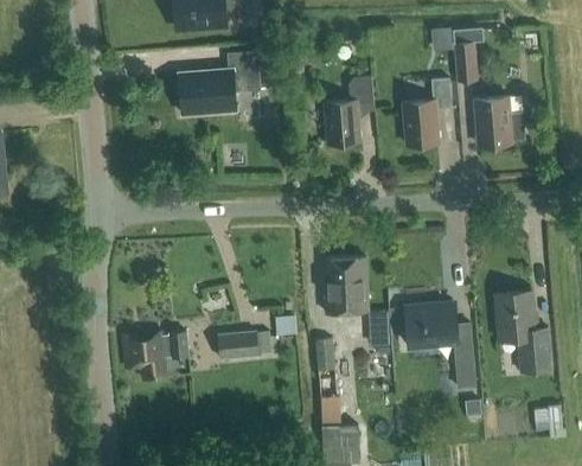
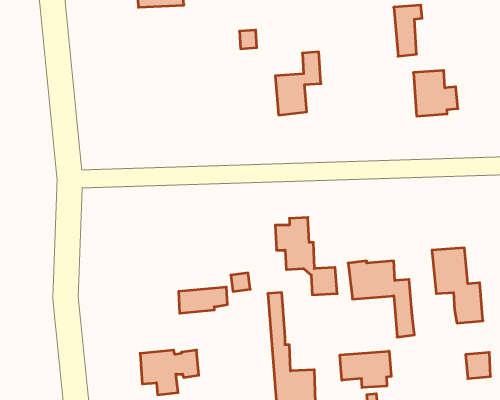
building: [178,53,258,115] -> none
building: [402,79,450,146] -> none
building: [123,332,187,381] -> [140,350,199,395]
building: none -> [340,351,391,388]

